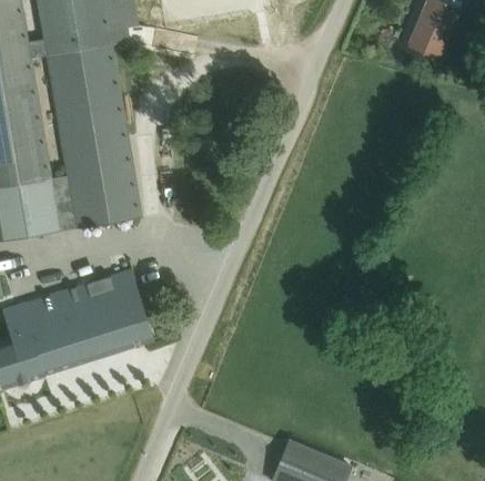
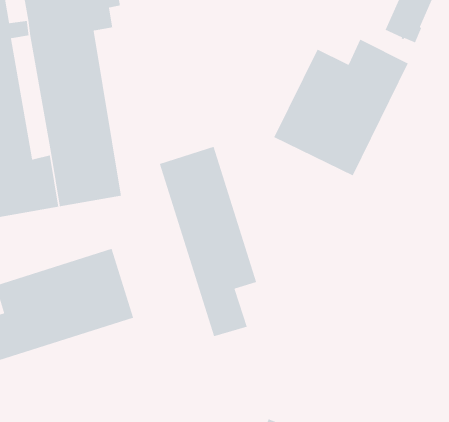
building: none -> [273,39,409,177]
building: none -> [159,146,257,337]

